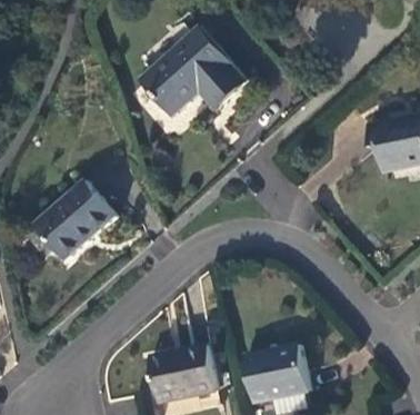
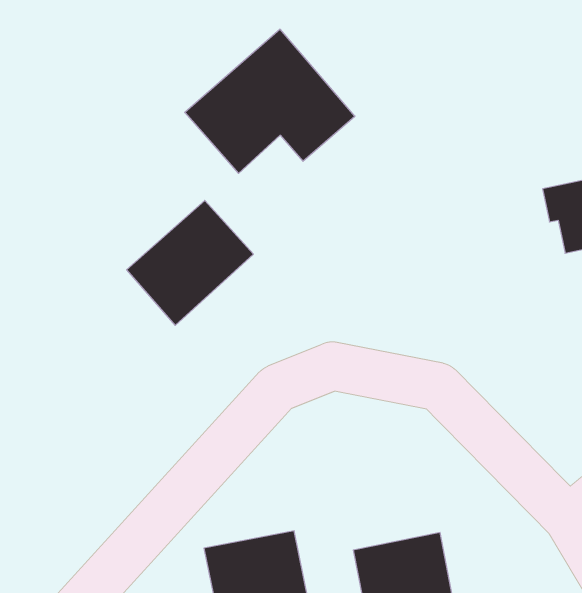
building: [34,180,116,260] -> [127,200,253,325]

